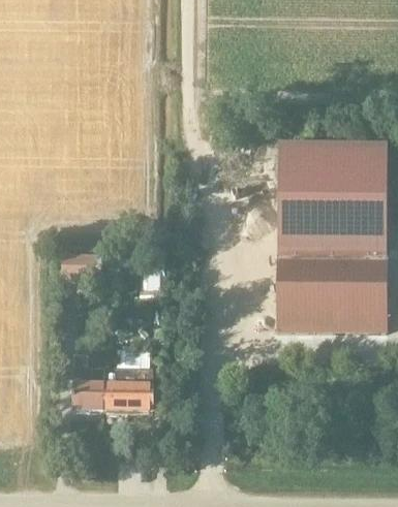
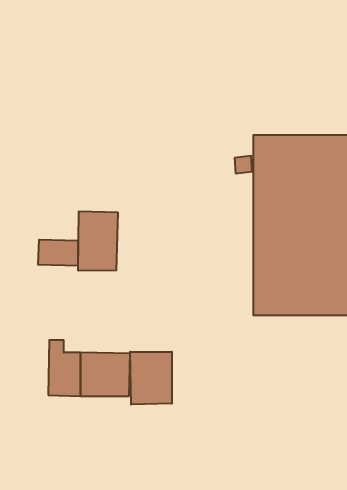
building: none -> [78,211,118,271]
building: none -> [130,352,172,405]

